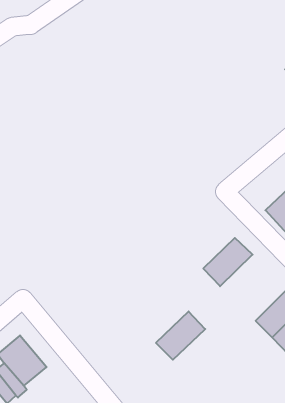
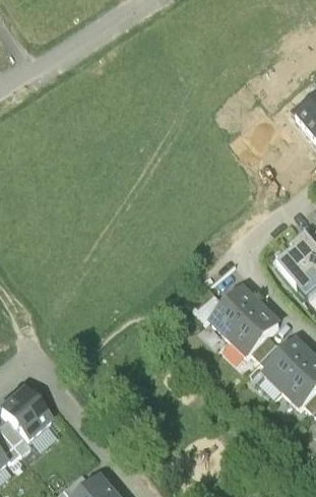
building: [156,311,205,360] -> [229,305,279,355]

